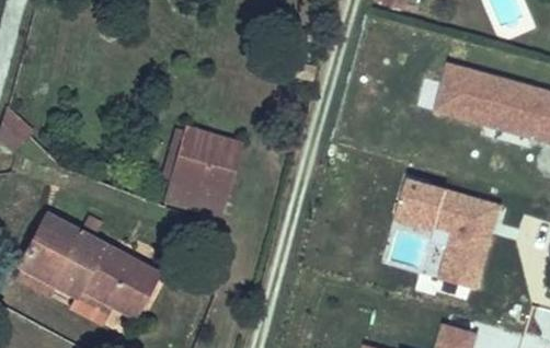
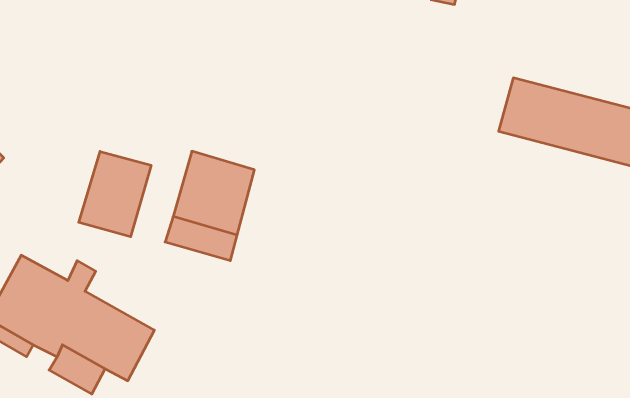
building: none -> [79,151,151,237]
building: [401,183,494,279] -> none

